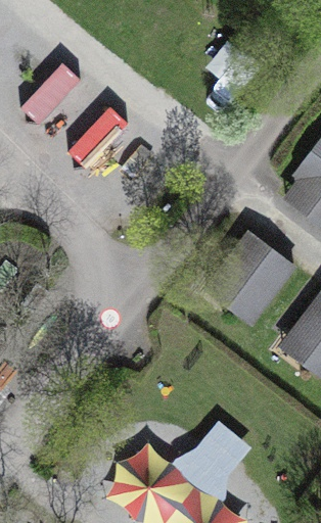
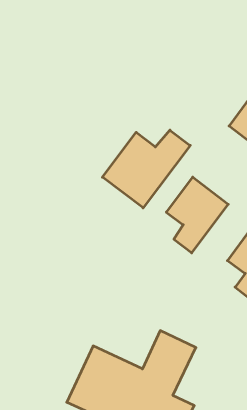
building: none -> [102,130,190,208]

